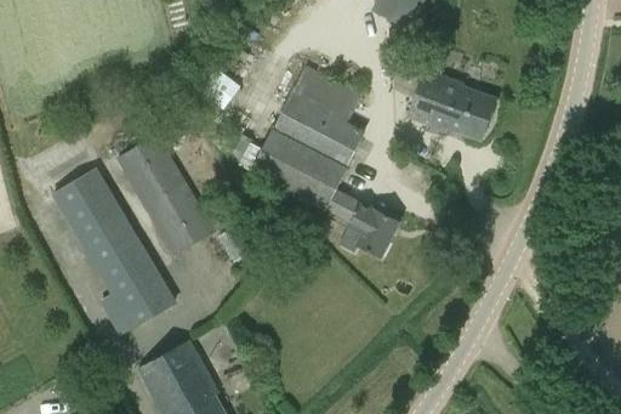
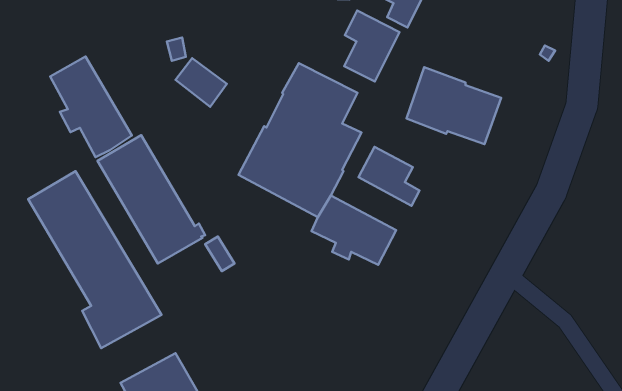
building: none -> [344,10,399,82]
building: none -> [50,56,132,157]
building: none -> [358,147,420,206]

